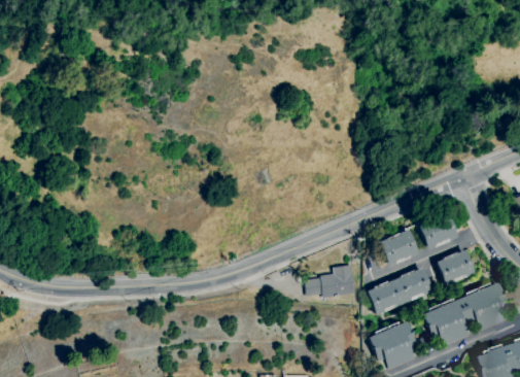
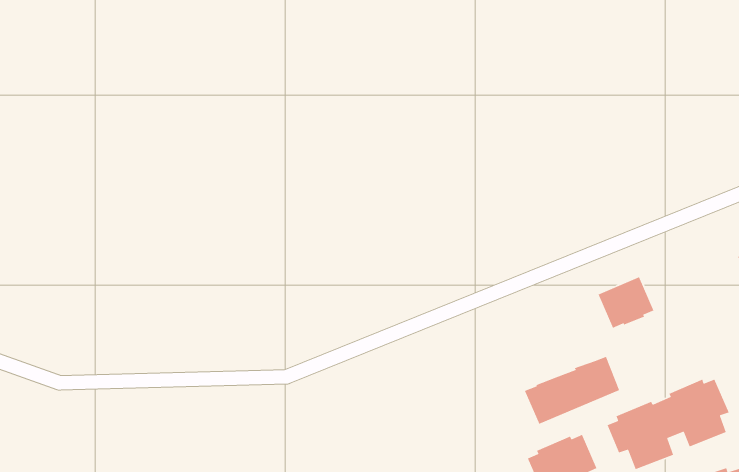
building: [378,229,417,265] -> none
building: [437,249,475,284] -> none
building: [305,265,355,303] -> none

